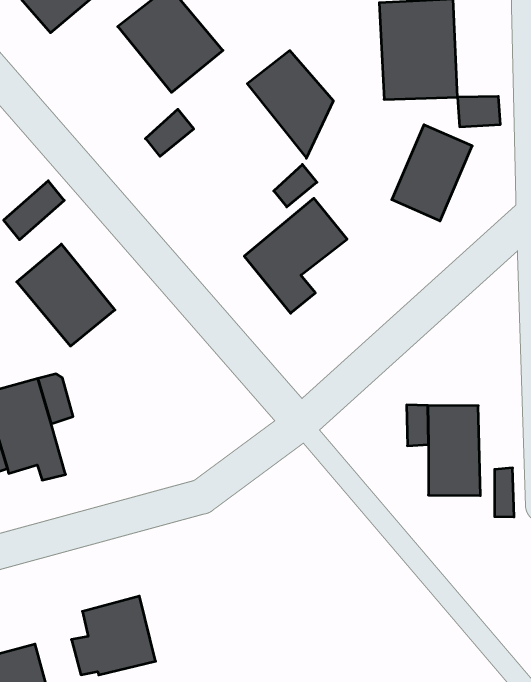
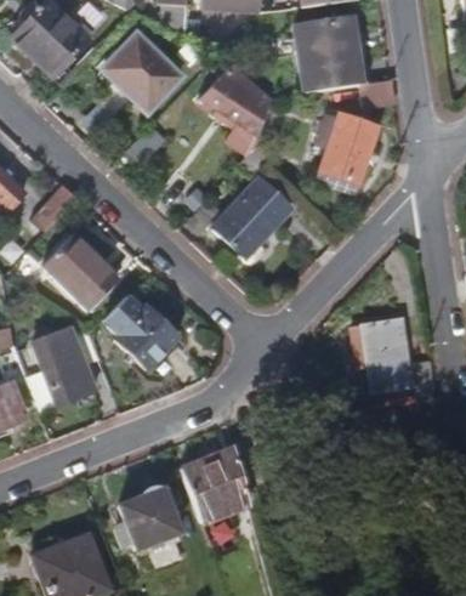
building: none -> [109,305,175,369]
building: none -> [180,444,250,520]

